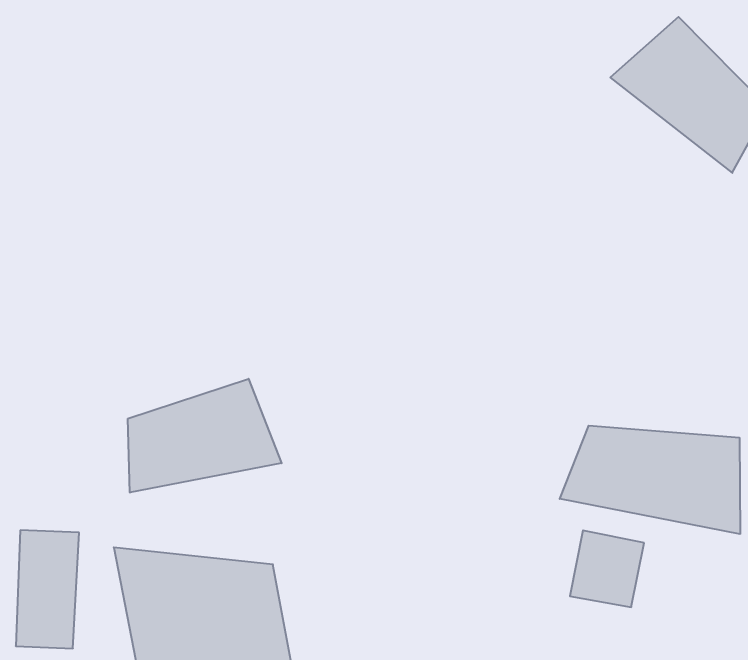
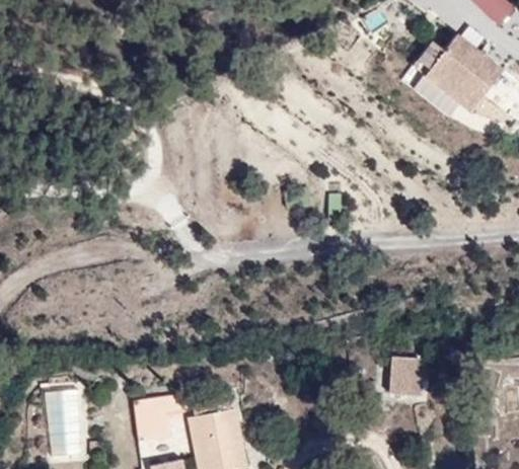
building: [128,379,282,493] -> none
building: [560,426,740,534] -> none

